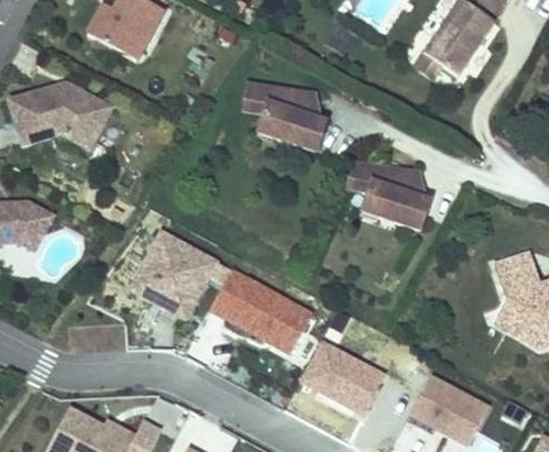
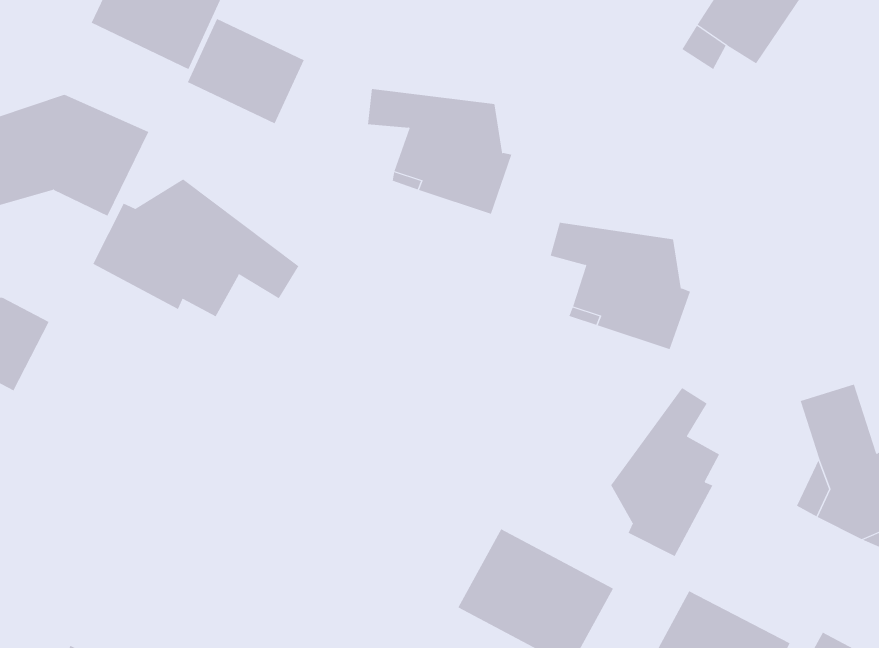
building: none -> [187,18,304,124]
building: none -> [92,179,299,317]
building: [125,225,312,353] -> none
building: none -> [610,387,720,557]

